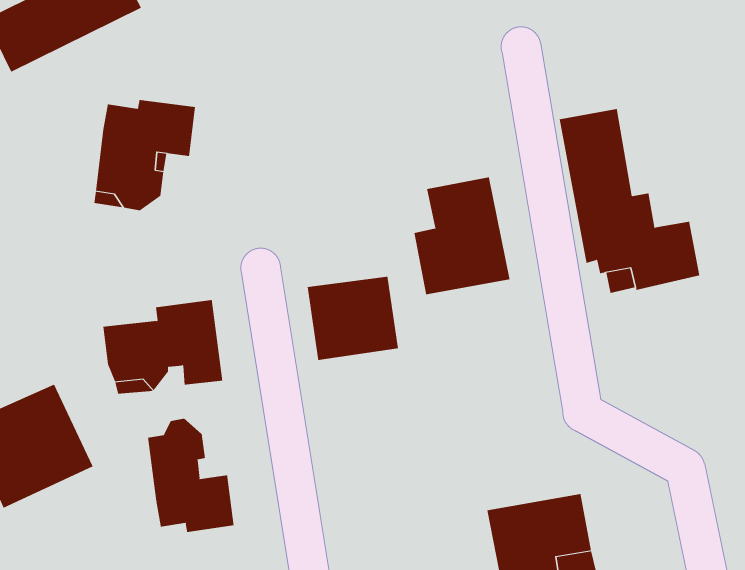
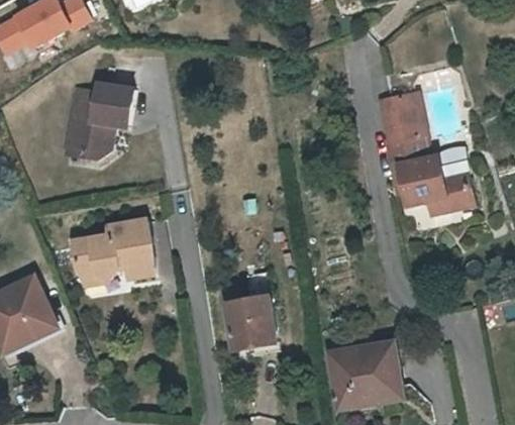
building: [414,176,510,295] -> none
building: [307,276,399,361] -> [224,296,286,352]
building: [147,418,234,533] -> none

